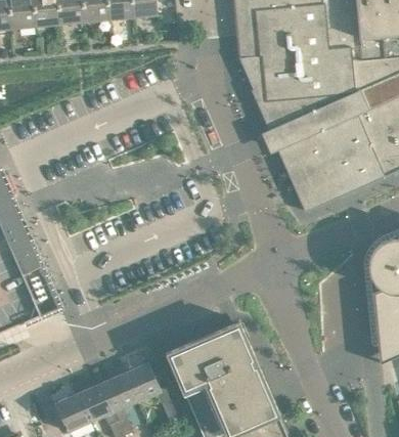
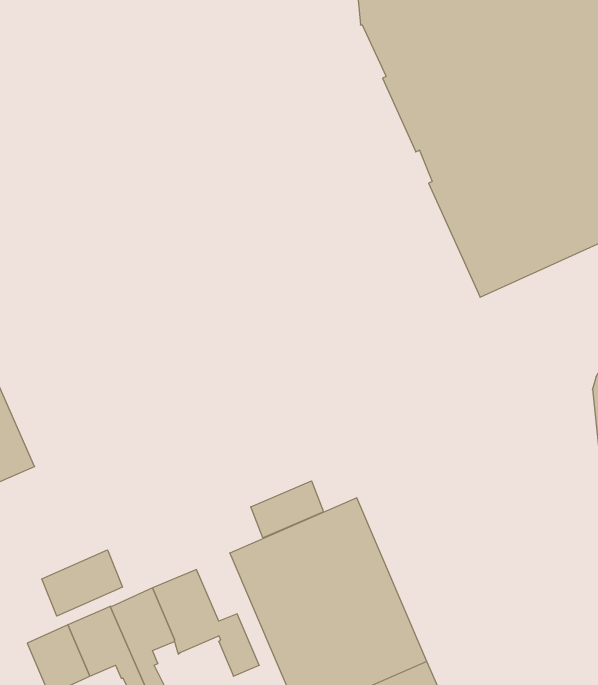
building: none -> [251,481,324,538]
building: none -> [42,550,122,616]

